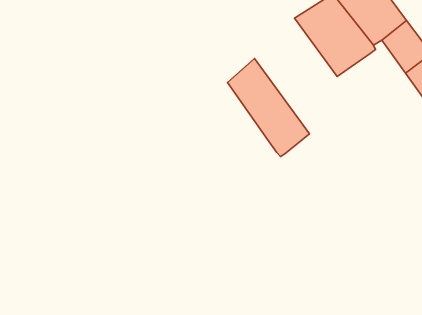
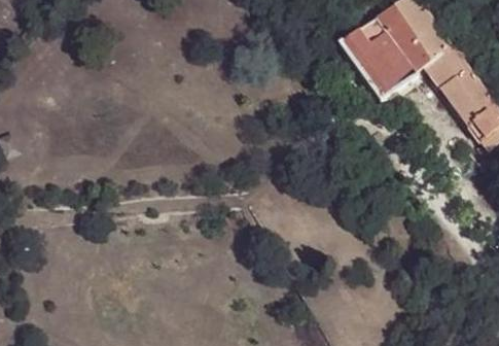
building: [227,59,309,157] -> none

